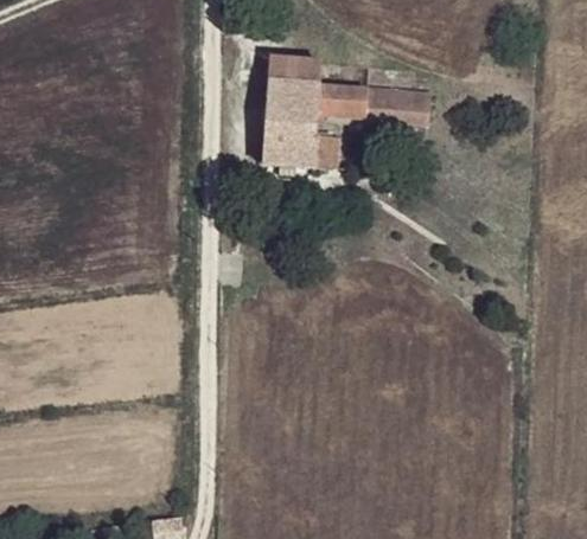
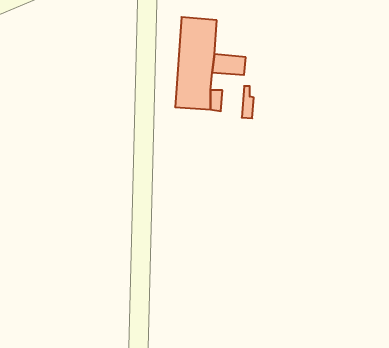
building: [364,92,429,128] -> none

